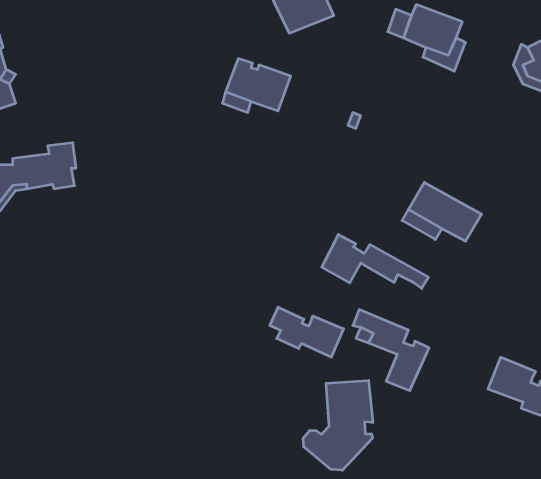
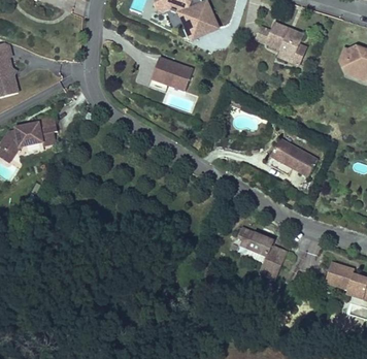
building: [322,234,428,289] -> none
building: [270,307,344,357] -> none
building: [303,380,373,470] -> none

